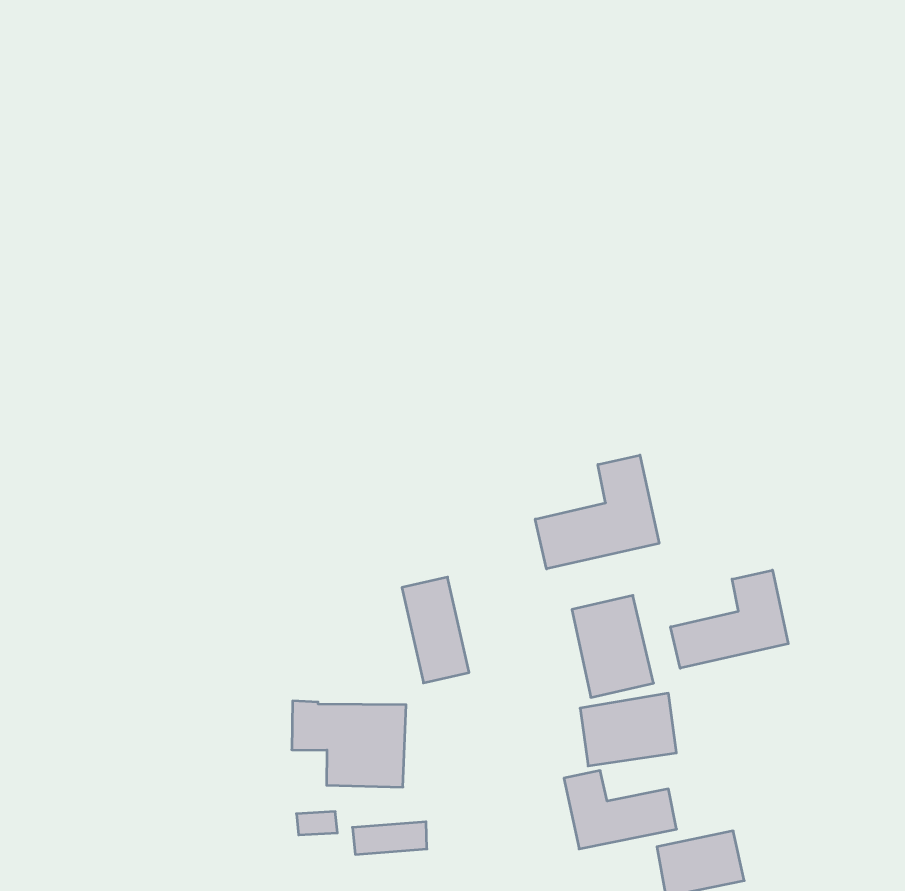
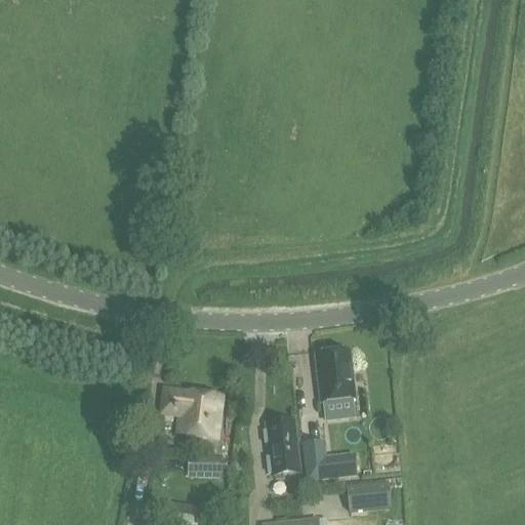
building: [535,455,659,569] -> none
building: [671,570,788,668] -> none
building: [402,577,469,683] -> [268,418,298,473]

